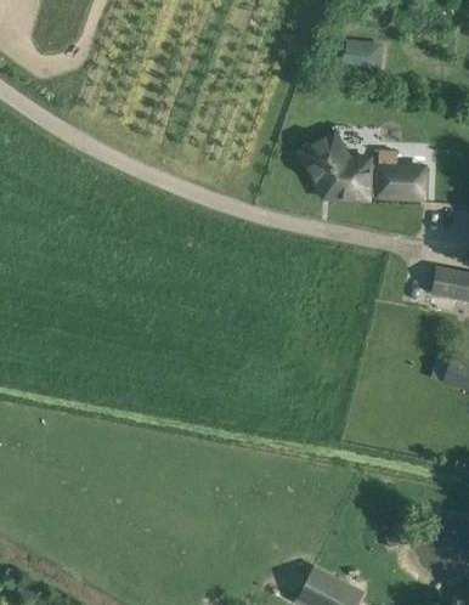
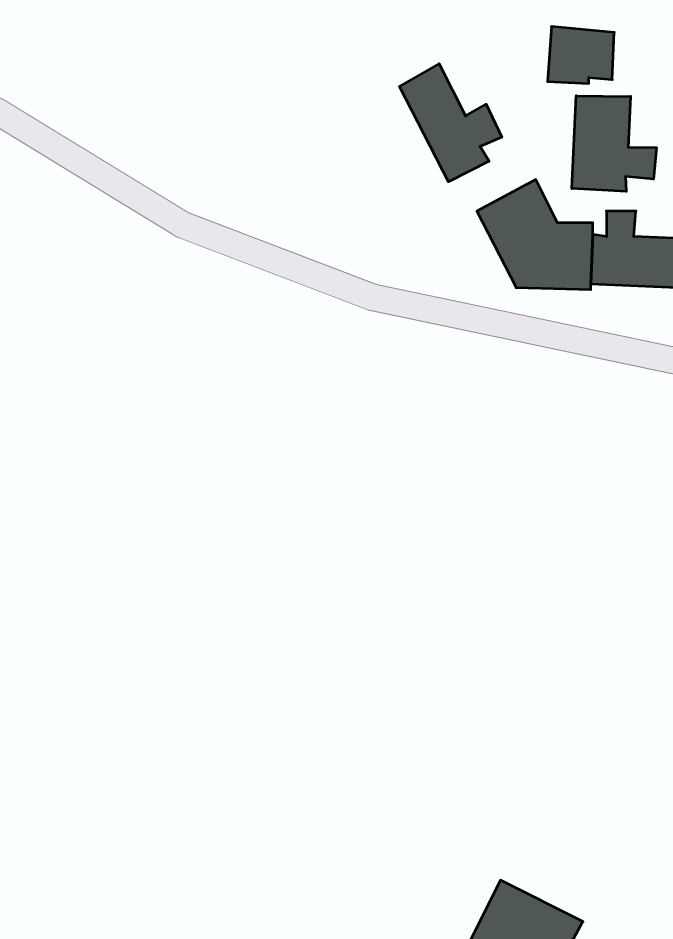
building: none -> [400,64,502,182]
building: none -> [572,96,656,191]

